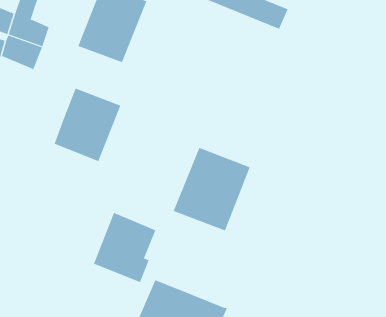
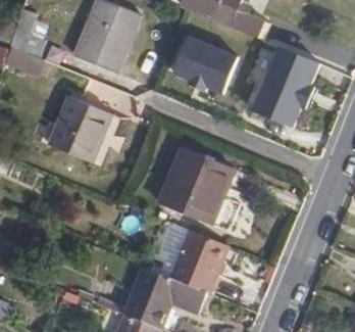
building: none -> [170,36,235,95]
building: none -> [251,49,320,130]
building: [93,212,156,283] -> [164,227,221,291]

